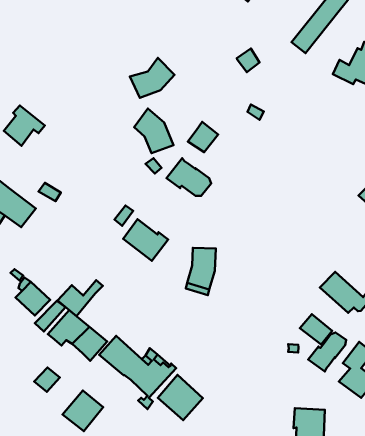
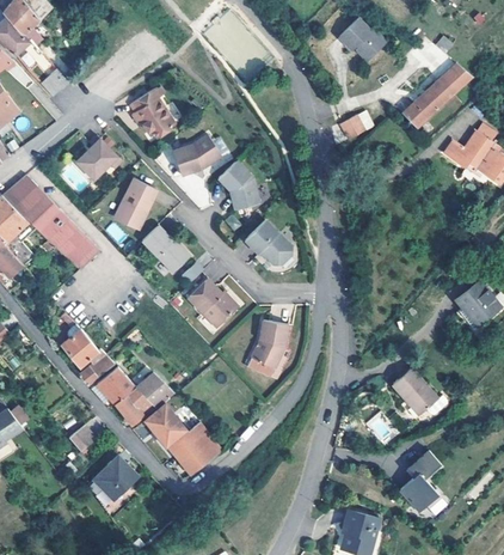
building: none -> [129,89,174,139]
building: [130,58,175,98] -> [174,134,223,175]
building: [188,122,218,152] -> none
building: none -> [113,178,155,228]
building: none -> [141,225,190,273]
building: [58,280,103,316] -> [135,371,186,407]
building: [308,333,346,371] -> none
building: [158,375,203,420] -> none

